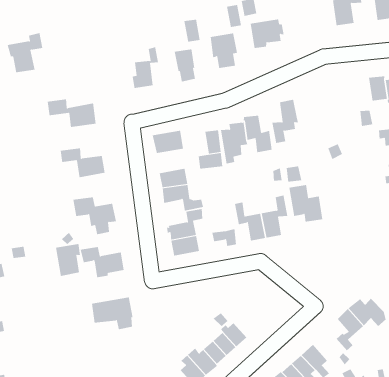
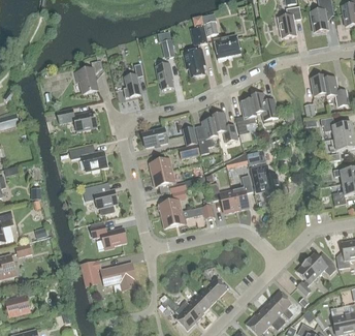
building: [7,32,43,73] -> [74,59,103,92]
building: none -> [251,92,278,119]
building: [55,244,81,276] -> [80,258,101,285]

